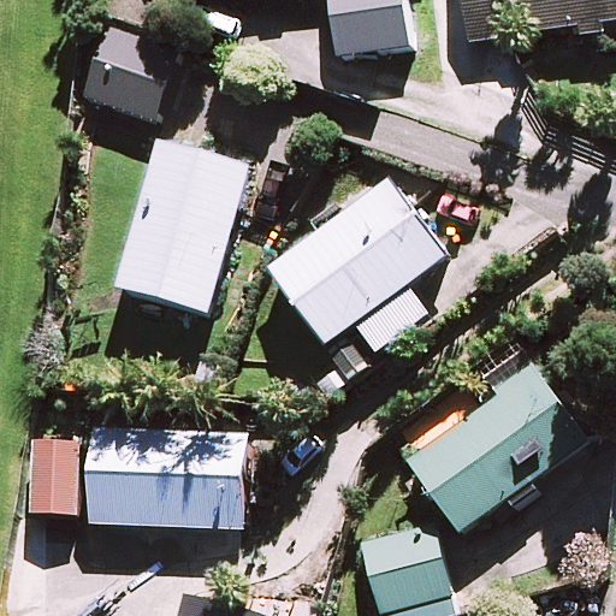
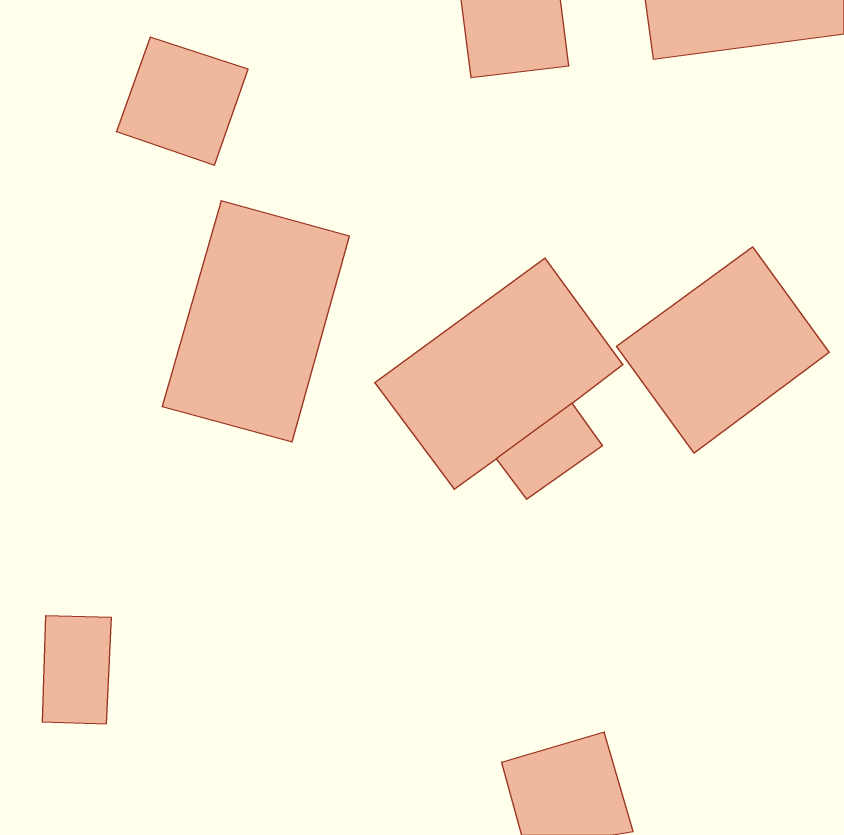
building: none -> [617,247,829,453]
building: [405,366,588,538] -> none
building: [87,426,241,527] -> none

